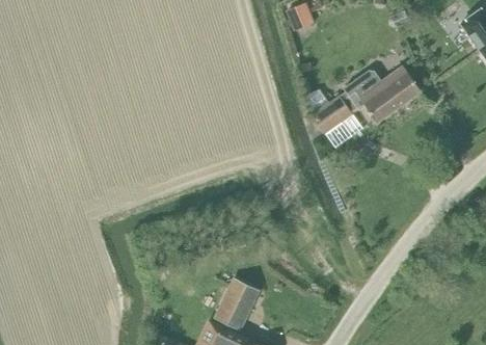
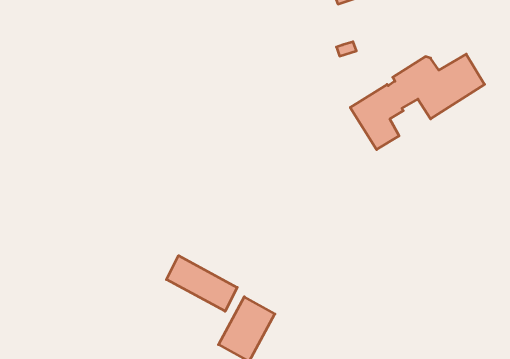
building: none -> [166,256,237,311]

